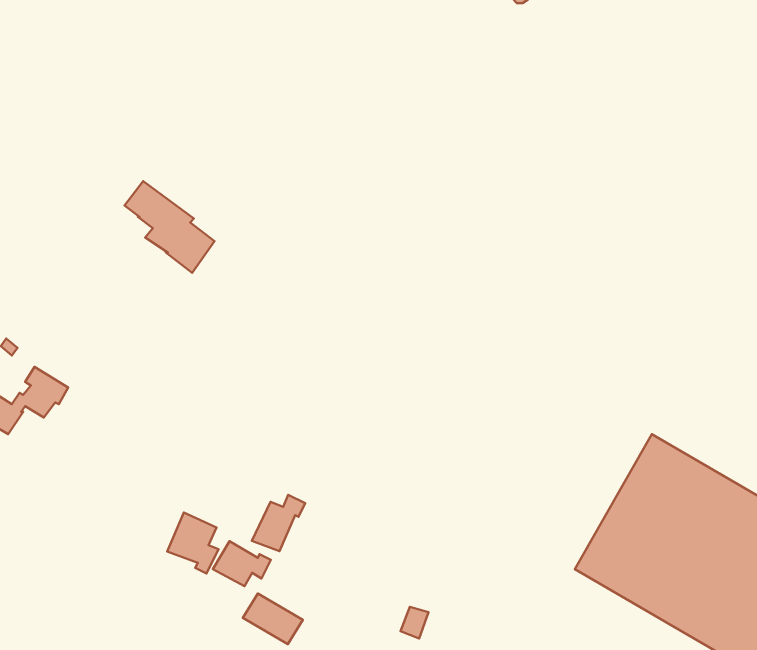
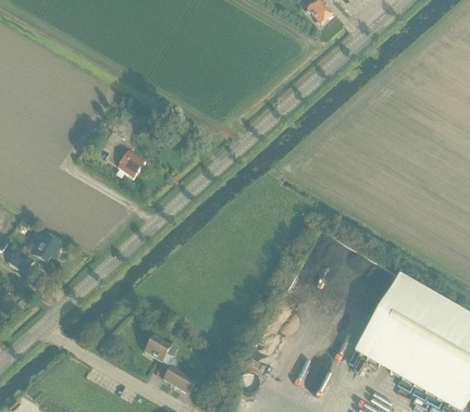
building: [252,495,305,551] -> none
building: [167,512,219,573] -> none

